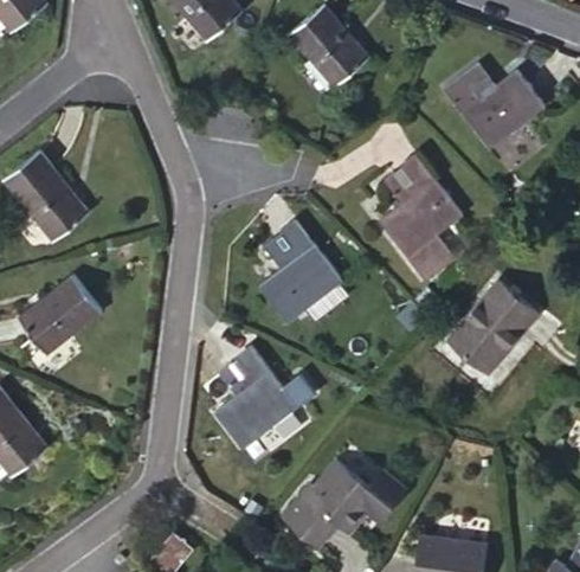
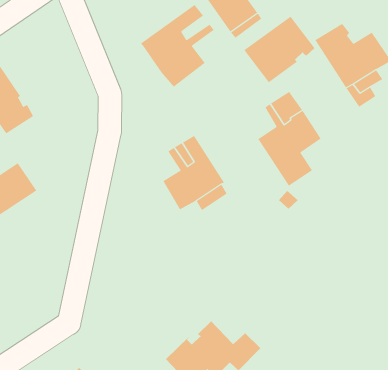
building: none -> [140,4,215,88]
building: none -> [243,16,315,83]
building: [449,277,539,369] -> none
building: [215,347,316,448] -> none

